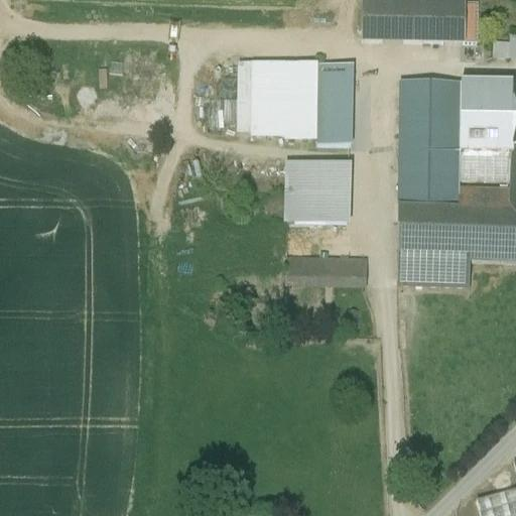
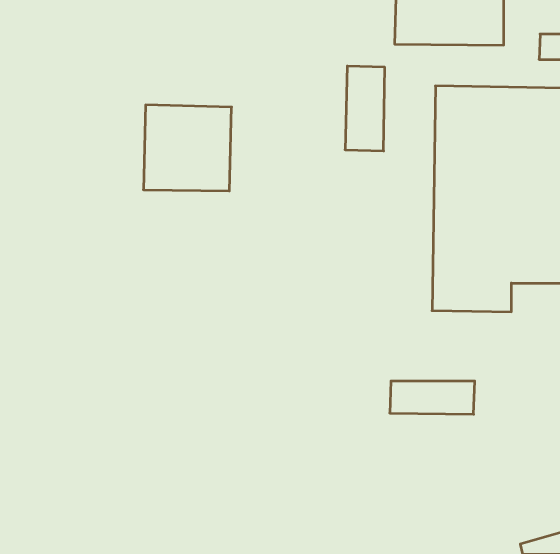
building: [240,58,320,137] -> [143,105,232,191]
building: [285,158,352,221] -> none
building: [288,254,366,284] -> [390,381,475,414]

